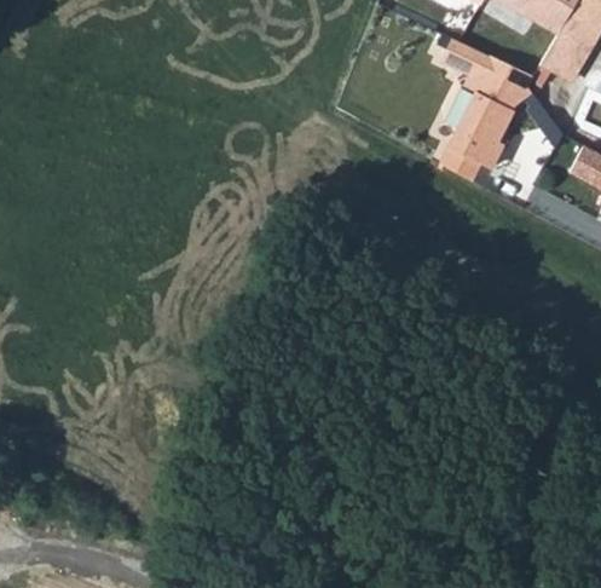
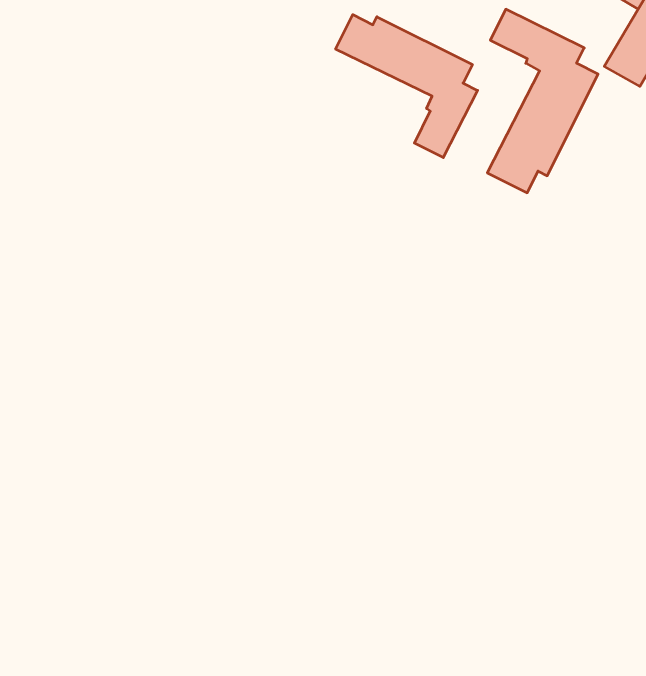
building: none -> [336,15,478,158]

